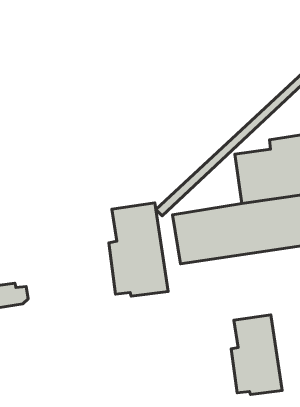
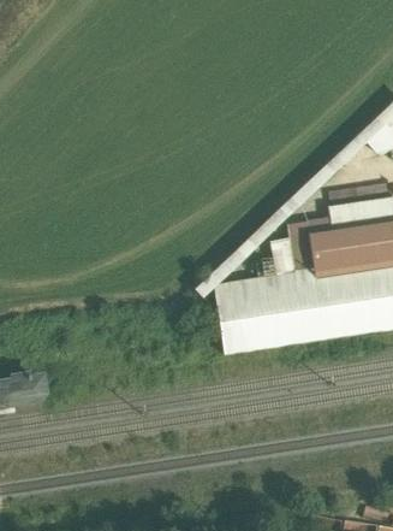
building: [109,203,168,296] -> none
building: [231,315,282,395] -> none

